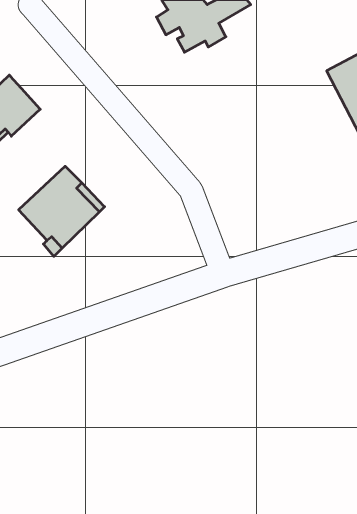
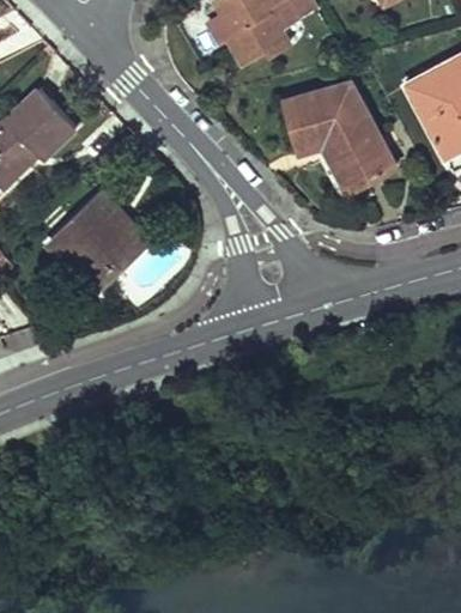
building: none -> [284,83,394,193]

